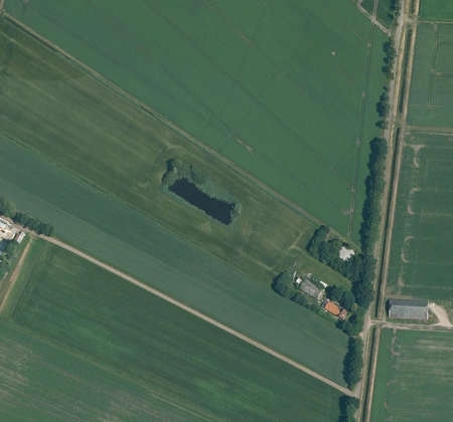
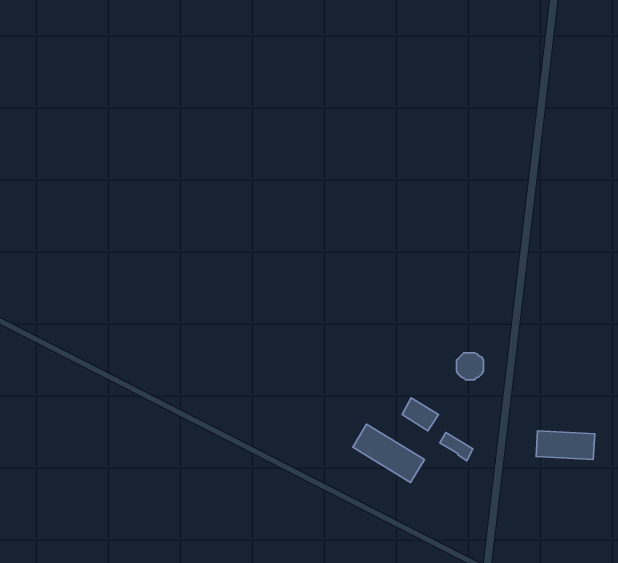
building: none -> [353,424,424,482]

